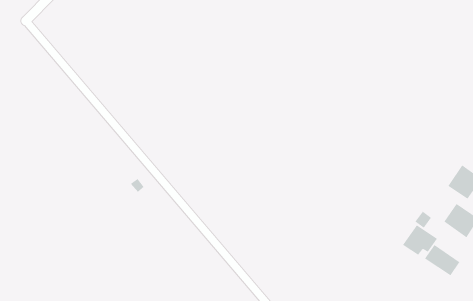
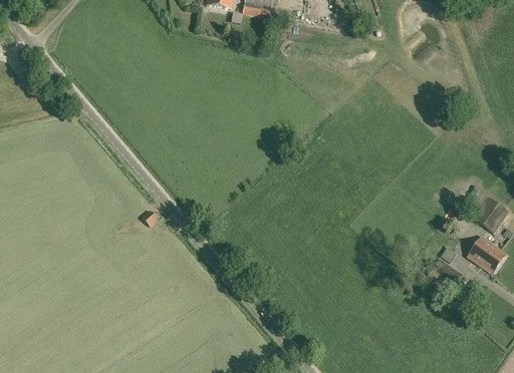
building: [424,244,460,276] -> none

